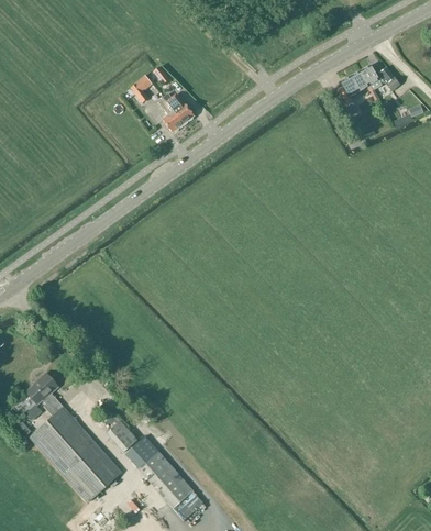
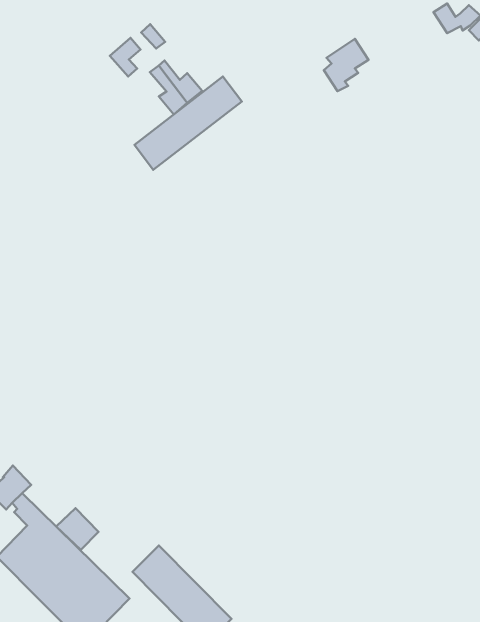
building: [339,69,371,106] -> [324,39,368,91]
building: none -> [134,77,242,170]
building: [108,421,137,451] -> [56,508,99,550]

